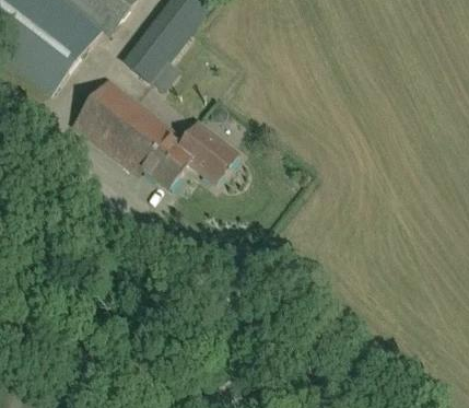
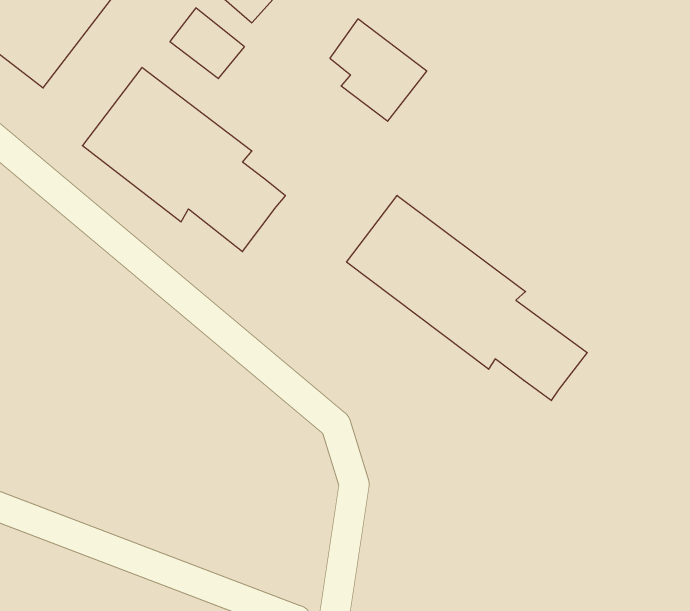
building: [177,123,234,183] -> [330,19,427,121]
building: none -> [347,195,587,401]

